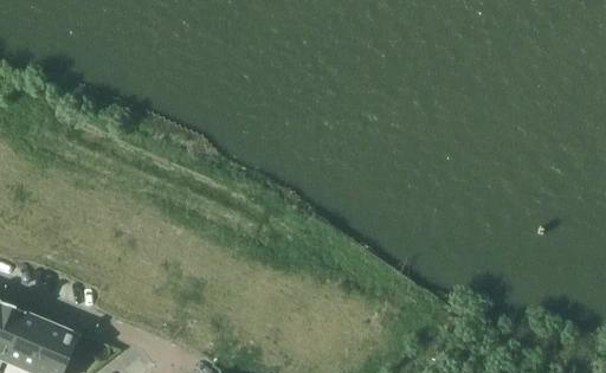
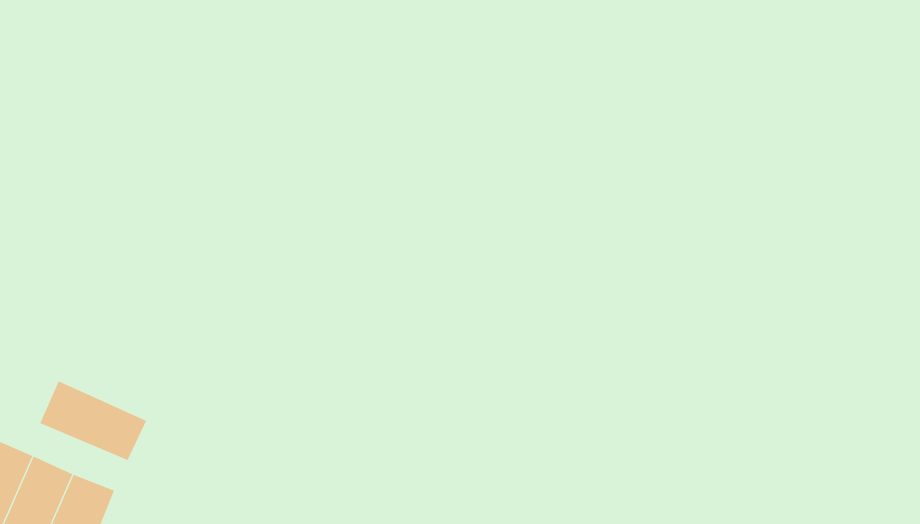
building: none -> [40,381,147,461]

